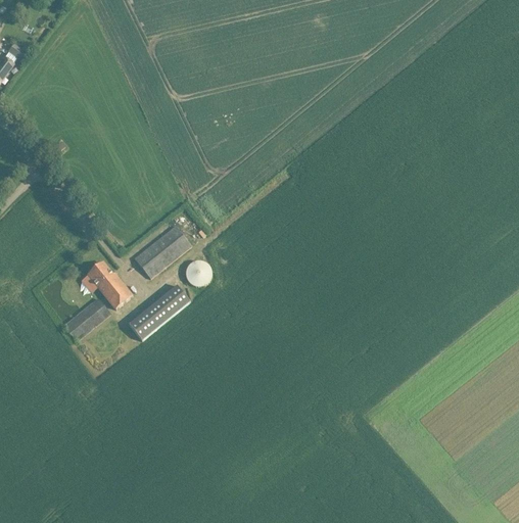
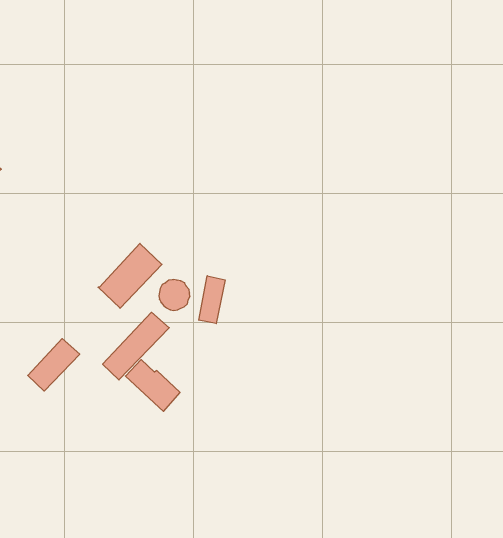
building: none -> [199,276,225,324]
building: [87,262,132,308] -> [125,360,180,411]

